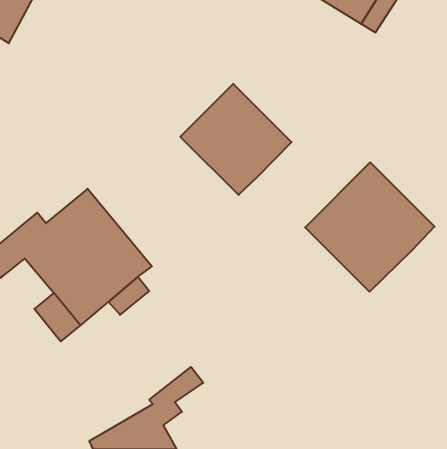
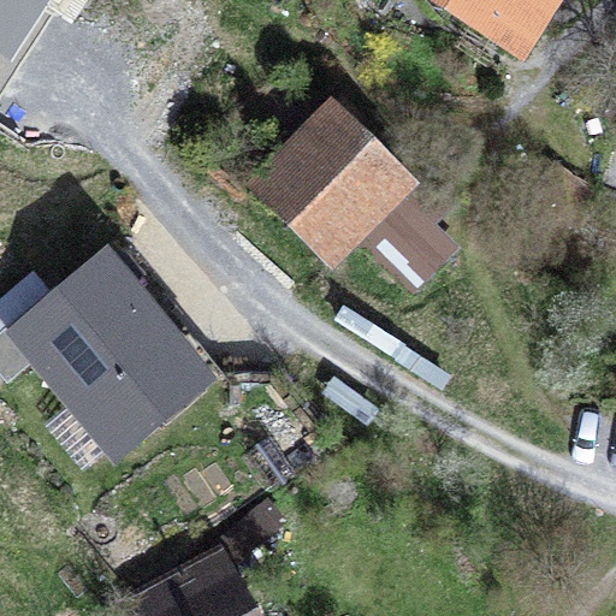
building: none -> [318,97,445,295]
building: [305,162,435,292] -> none

